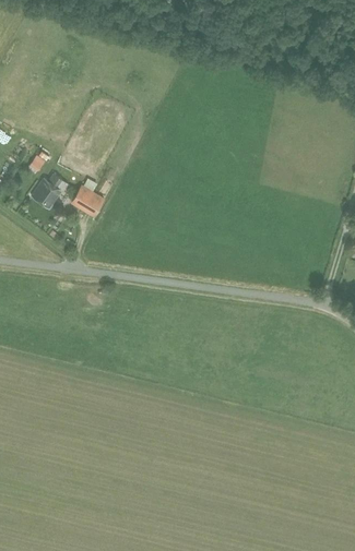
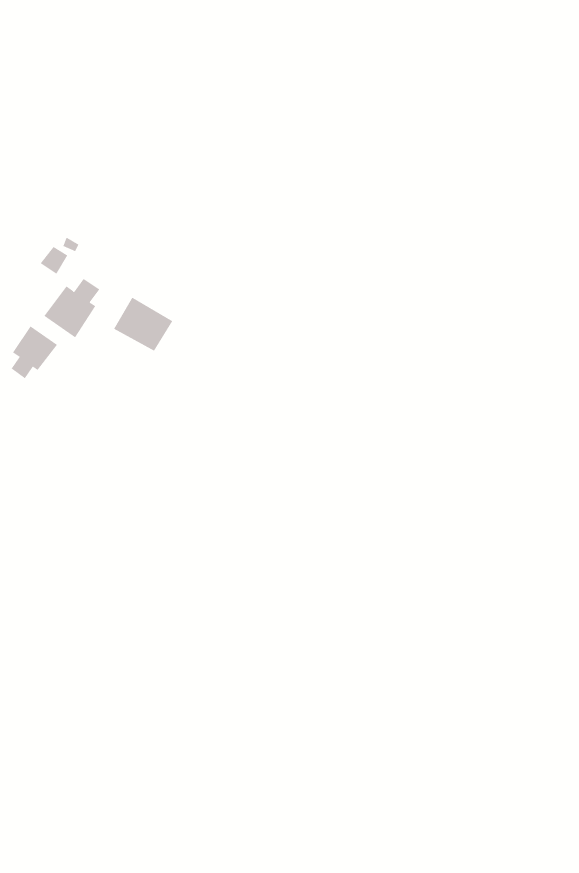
building: none -> [11,325,58,379]

